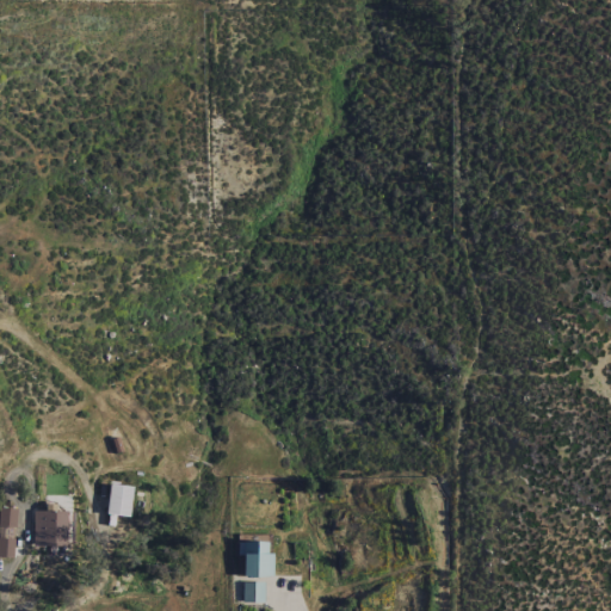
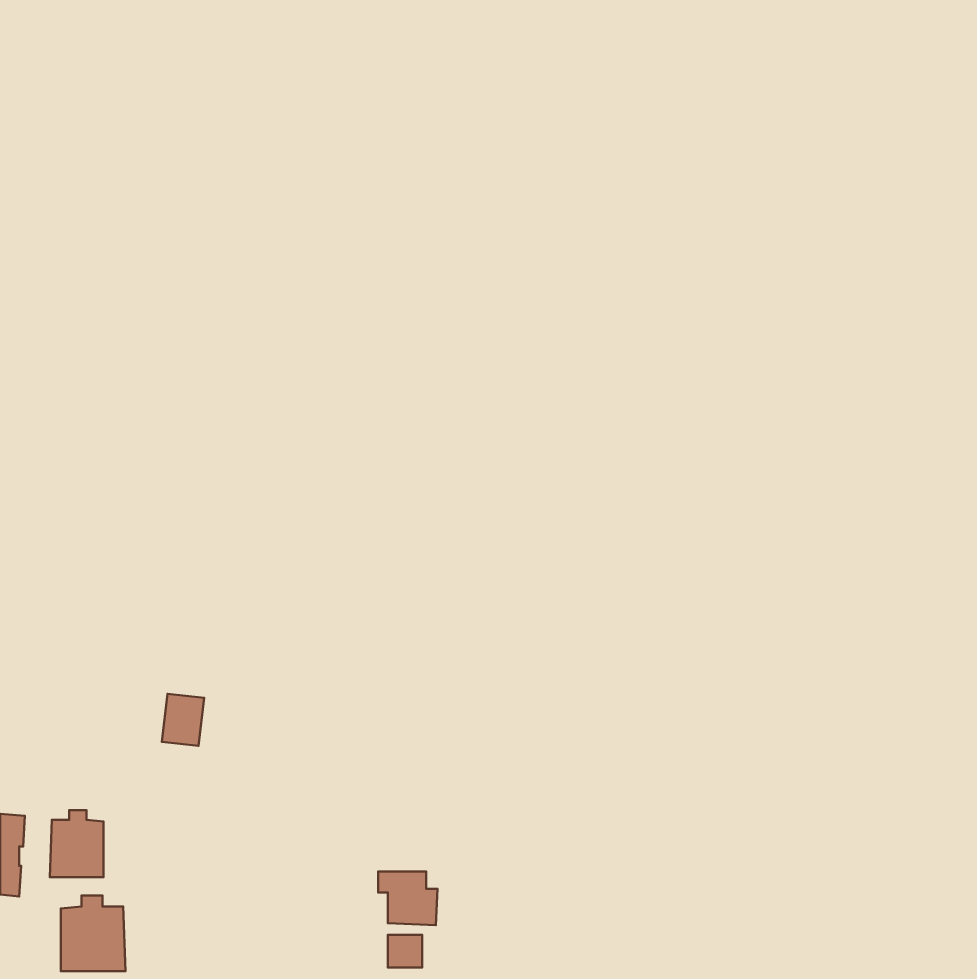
building: [106,483,132,516] -> [162,694,204,746]
building: none -> [61,896,126,971]

